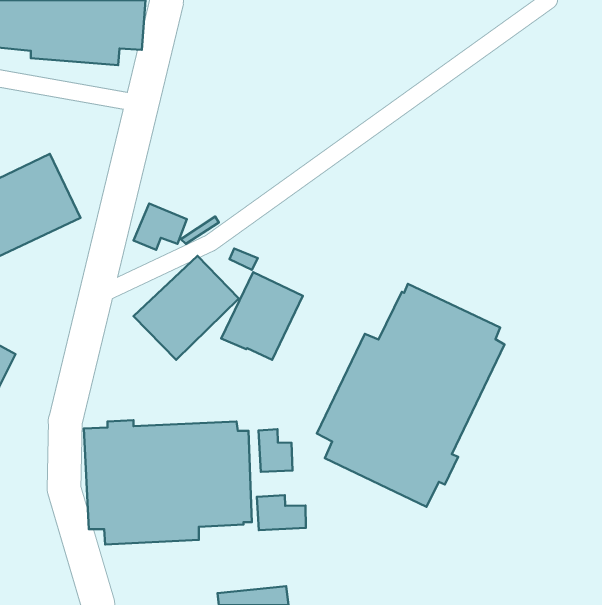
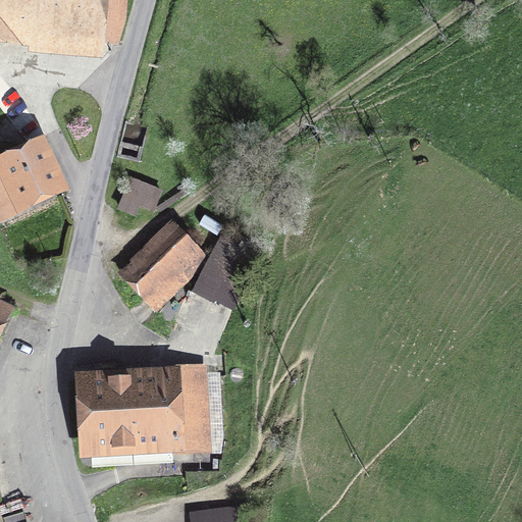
building: [317,284,505,507] -> none
building: [259,429,292,472] -> none
building: [257,495,306,530] -> none

